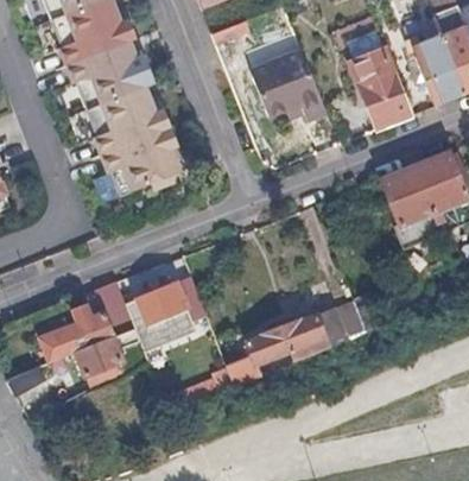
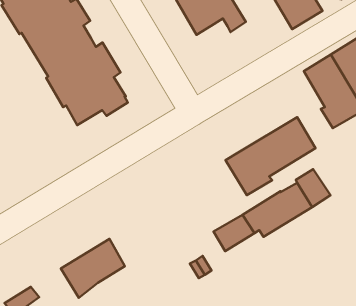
building: none -> [225,117,315,195]
building: [138,277,203,331] -> none
building: [46,280,134,357] -> none

